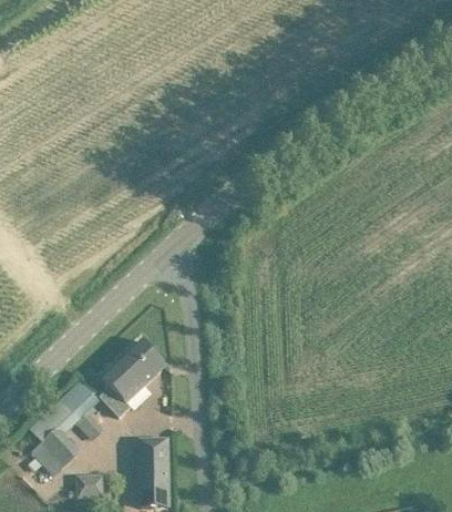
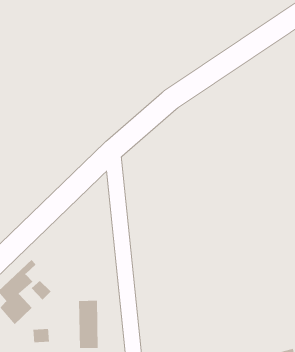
building: [99,339,165,418] -> none

